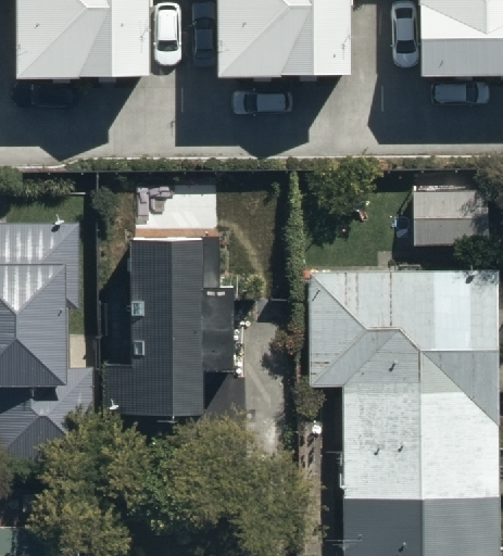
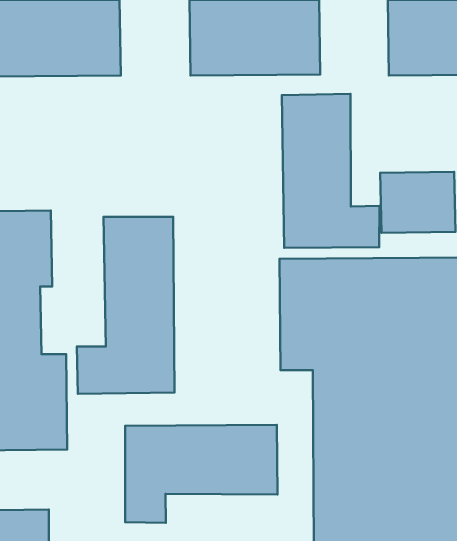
building: none -> [282,94,379,248]
building: none -> [125,425,278,523]

